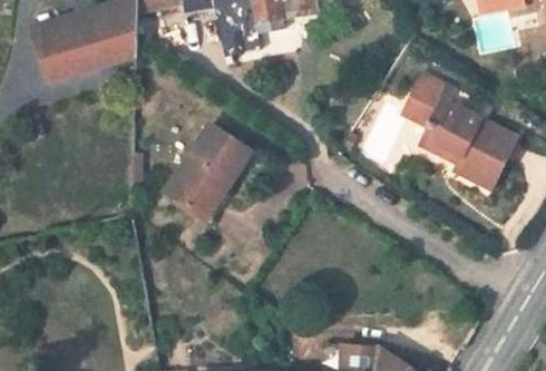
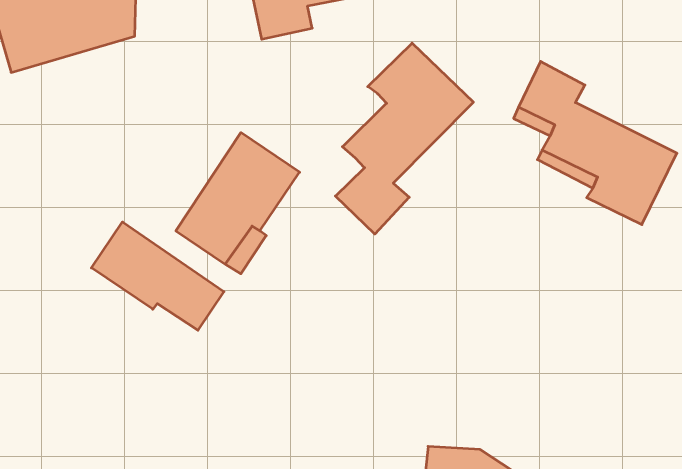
building: none -> [335,43,473,234]
building: none -> [91,222,224,330]

